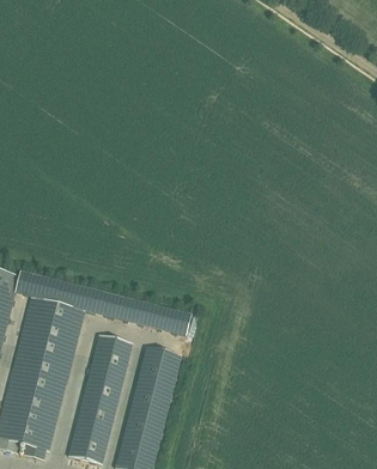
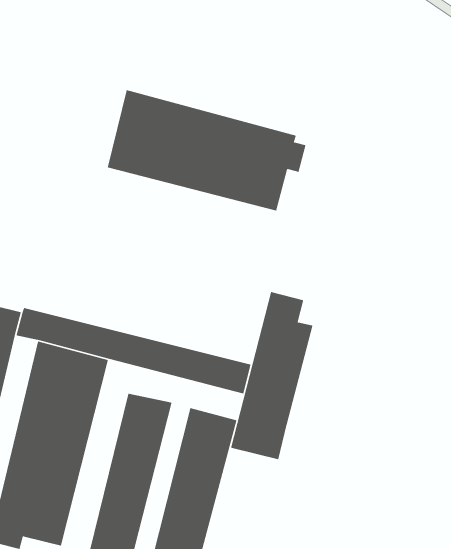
building: none -> [107,89,306,211]
building: none -> [230,291,314,460]

